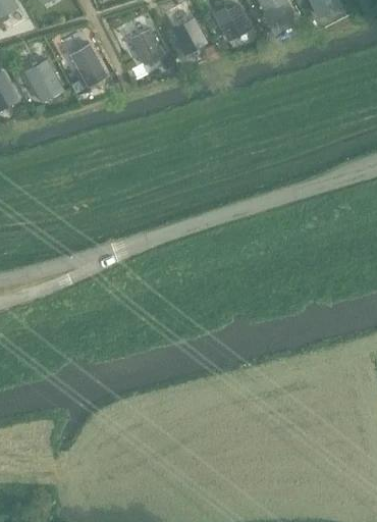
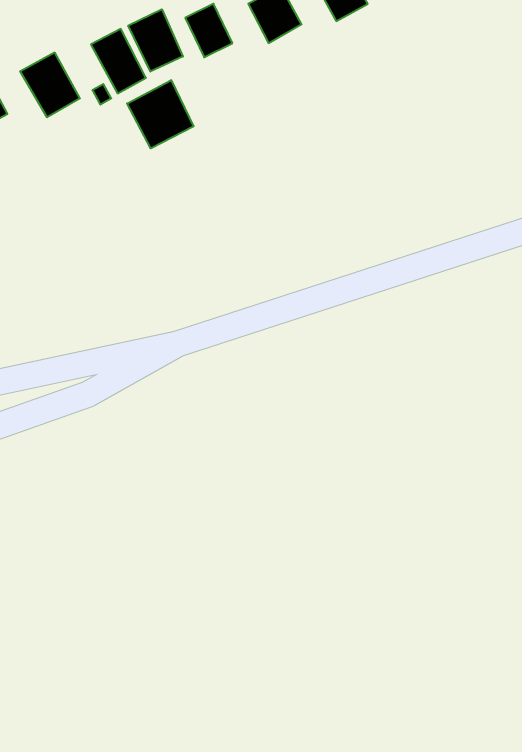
building: none -> [128,9,183,72]
building: none -> [127,80,194,148]

